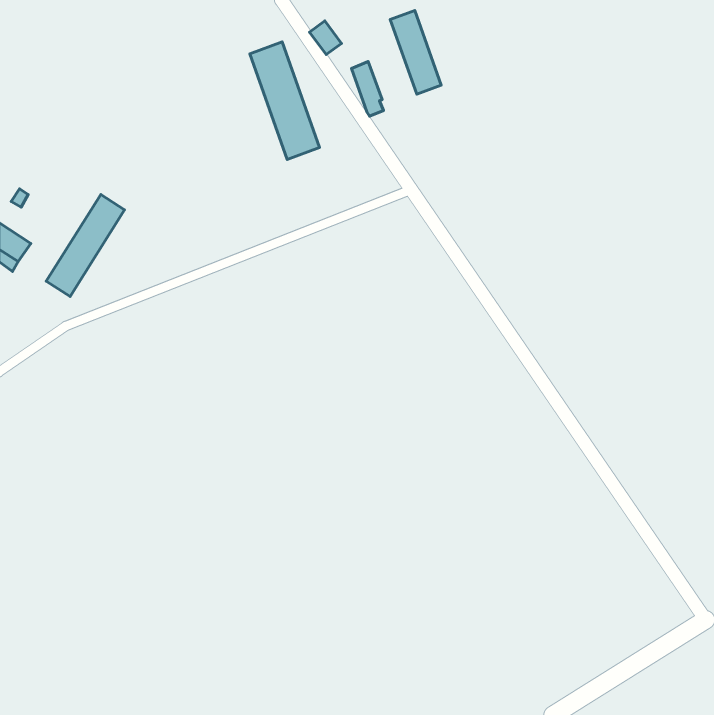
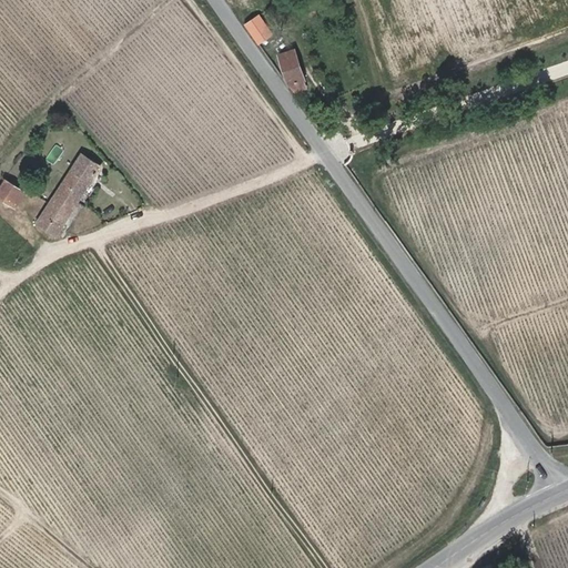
building: [390,10,441,94] -> none
building: [250,42,320,159] -> none

